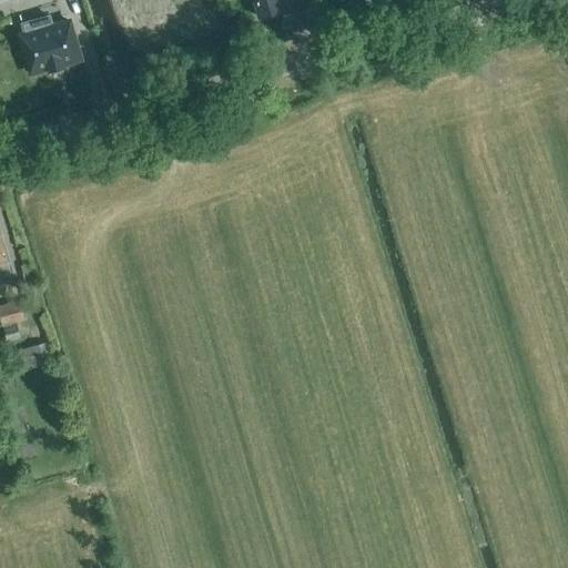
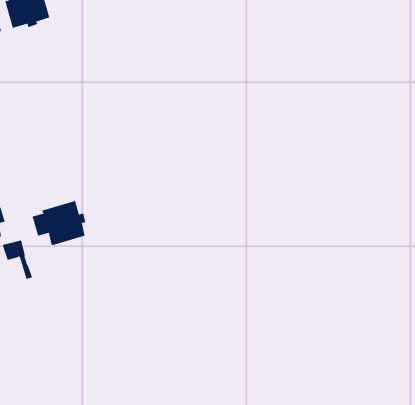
building: none -> [32,200,86,246]

